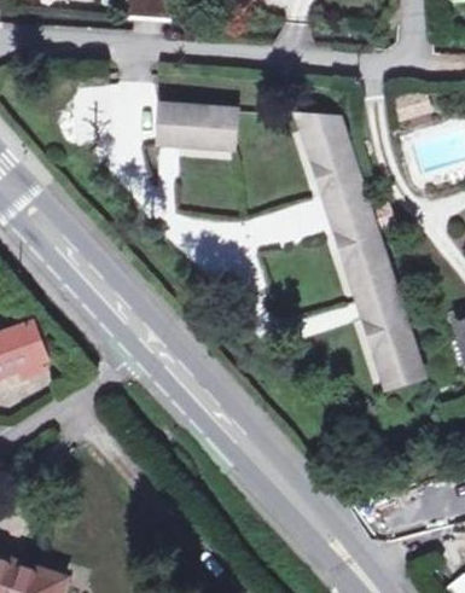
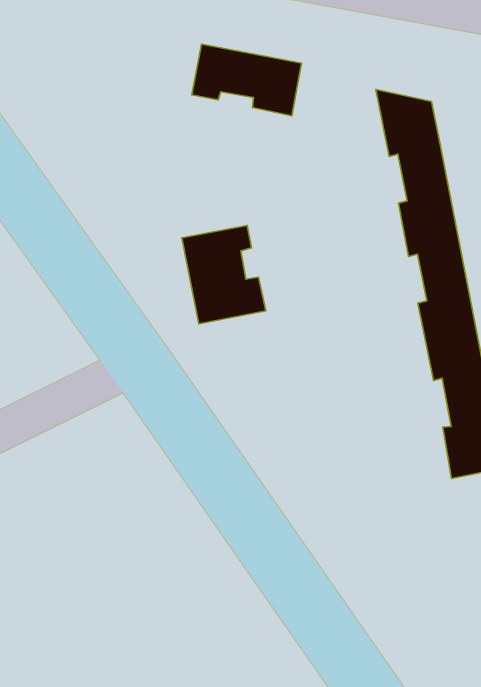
building: none -> [182,225,266,324]

